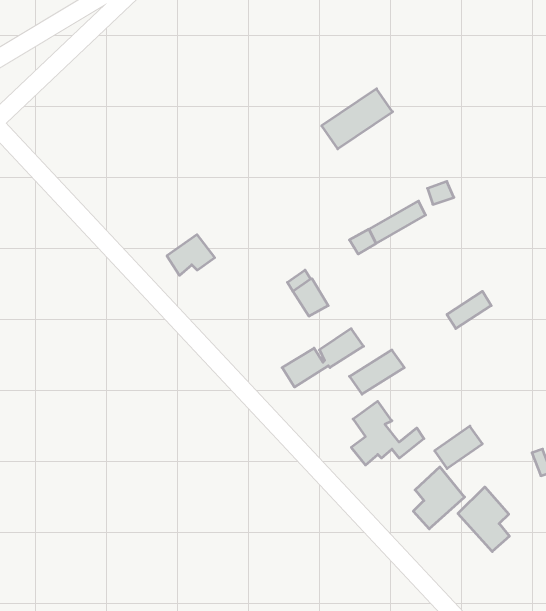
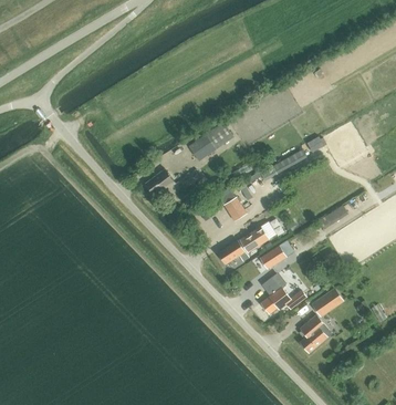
building: [322,89,393,149] -> [188,123,232,160]
building: [458,487,509,552] -> none

